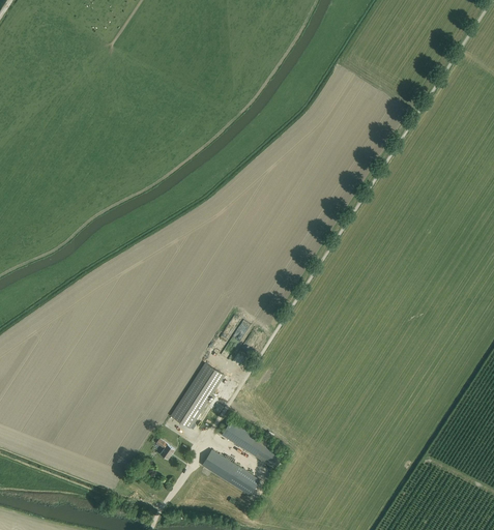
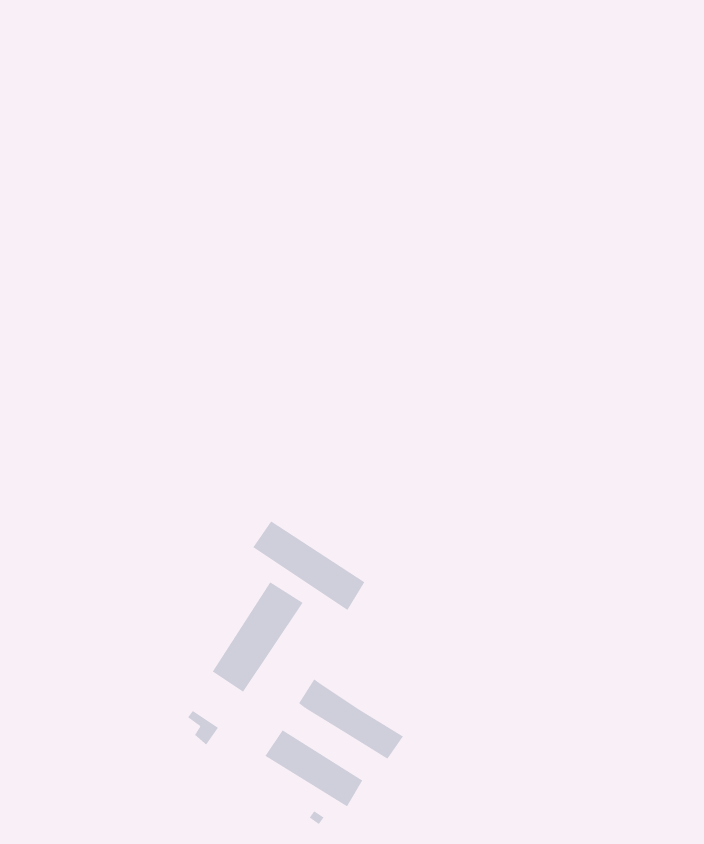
building: none -> [253,521,365,611]

